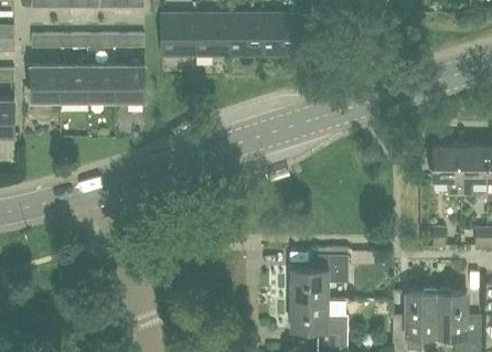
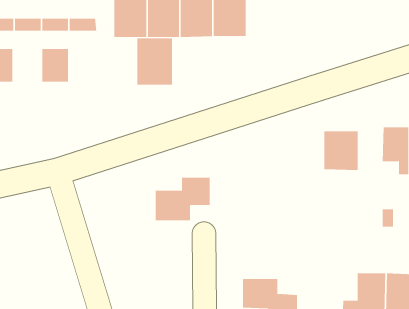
building: none -> [137,38,173,86]
building: [116,65,145,100] -> none
building: [60,66,88,100] -> none
building: none -> [324,130,358,171]
building: [291,255,347,299] -> [155,177,210,221]

